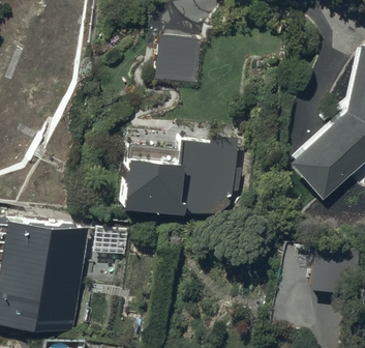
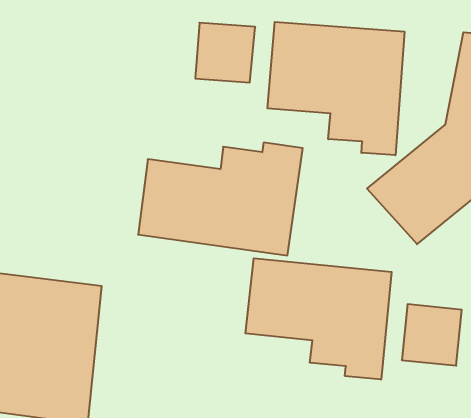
building: none -> [268,22,404,155]
building: none -> [246,258,392,380]

